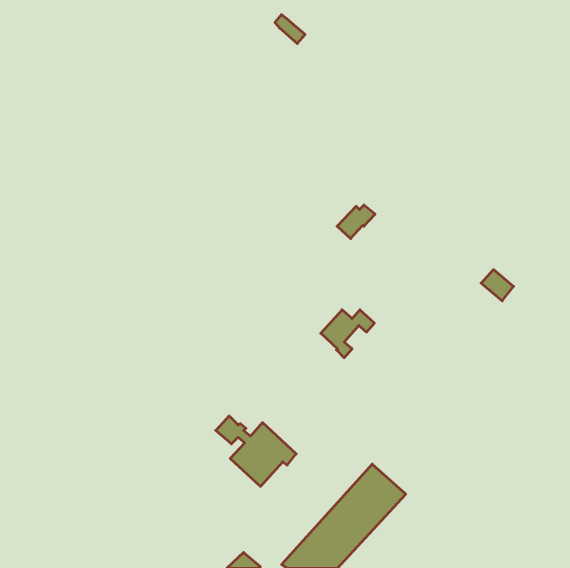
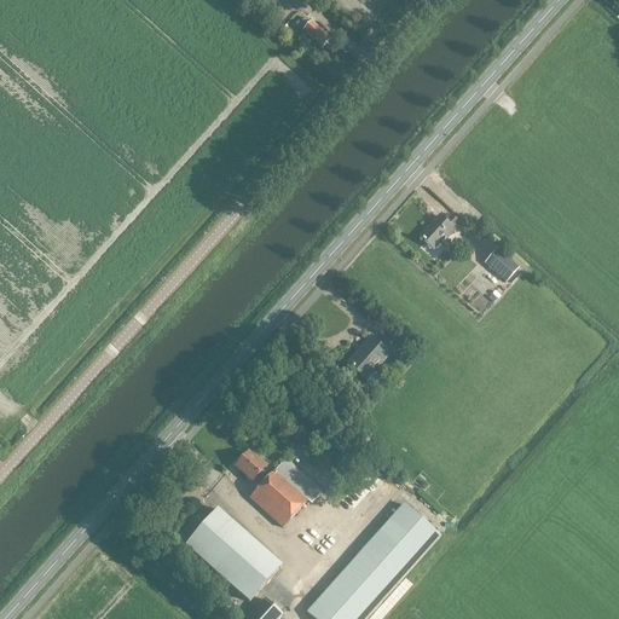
building: [337,205,375,239] -> [418,212,459,248]
building: [481,270,514,301] -> [481,243,516,277]
building: none -> [185,507,280,598]

